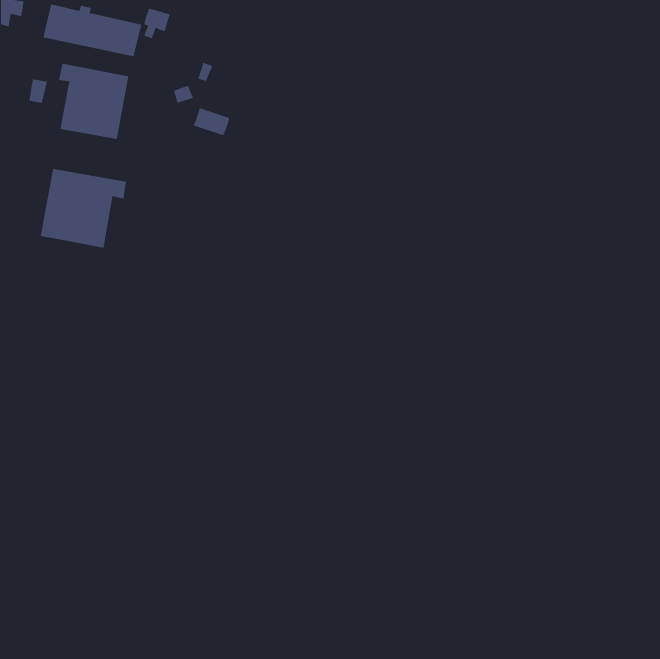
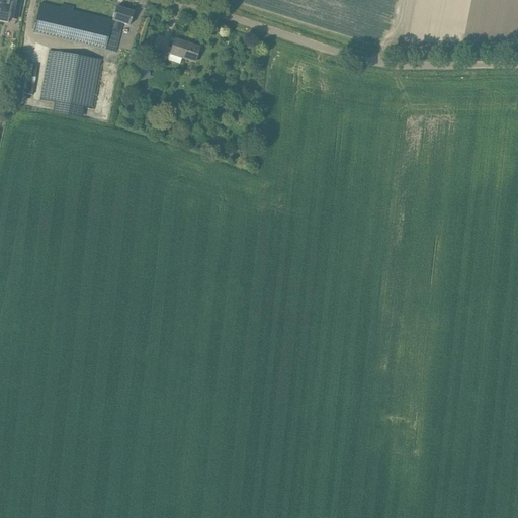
building: [193,107,230,136] -> [170,38,199,61]
building: [40,168,127,248] -> none

